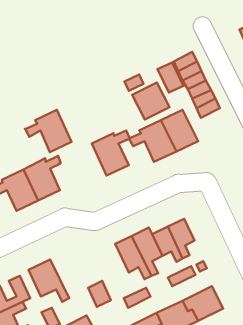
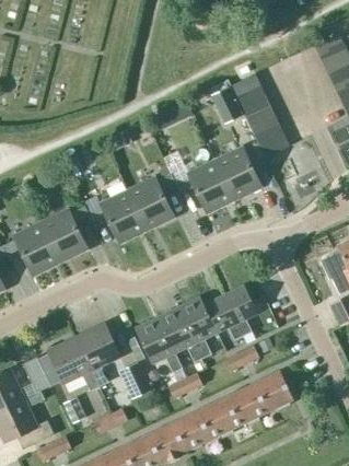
building: [132,82,170,119] -> none
building: [25,110,72,152] -> [88,189,147,243]
building: none -> [136,316,183,372]
building: none -> [75,323,120,385]

